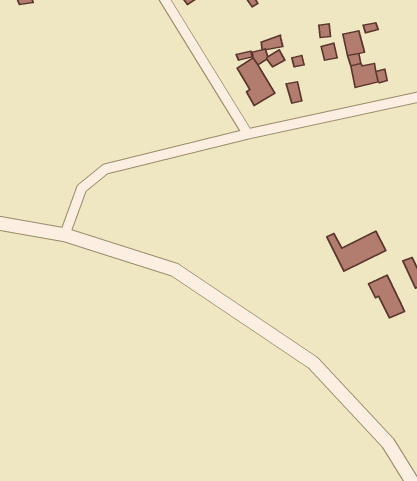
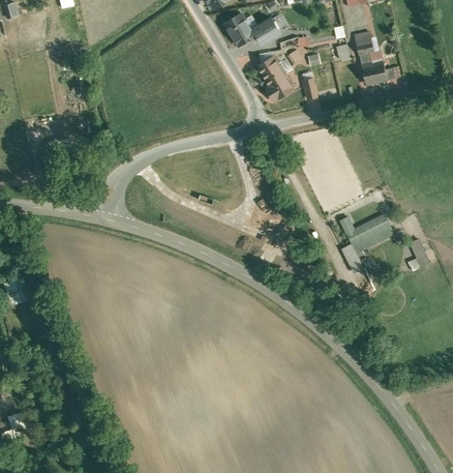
building: none -> [225,13,281,46]
building: [368,275,404,318] -> none

